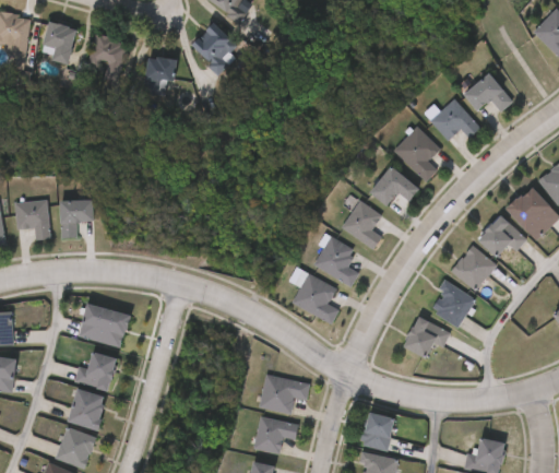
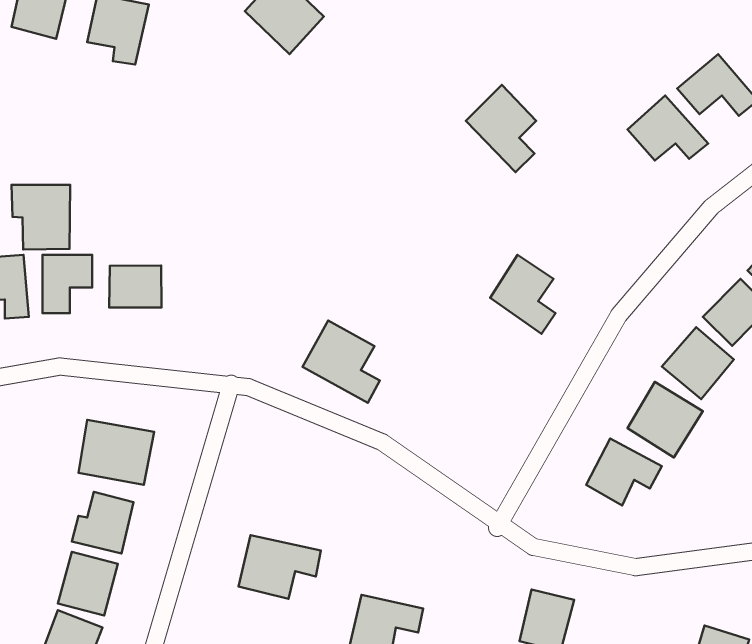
building: [142,57,171,80] -> none
building: [395,127,440,182] -> [466,85,536,172]
building: none -> [12,185,70,250]
building: [370,165,420,205] -> none
building: none -> [109,266,162,307]
building: [314,237,360,286] -> none
building: [293,273,342,326] -> [303,320,380,403]
building: [259,375,311,415] -> [239,535,321,599]

